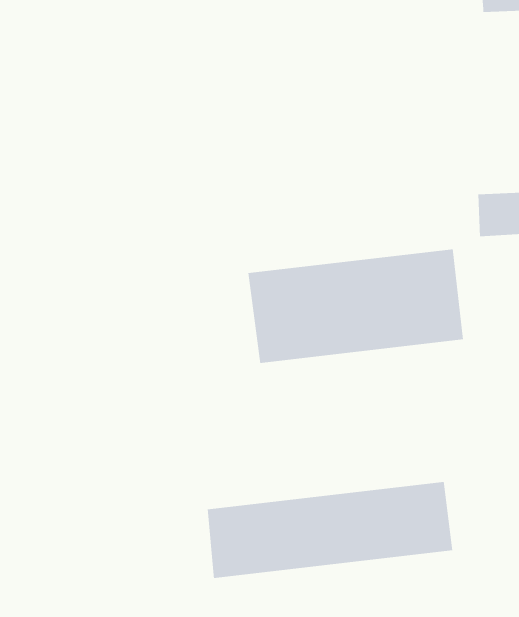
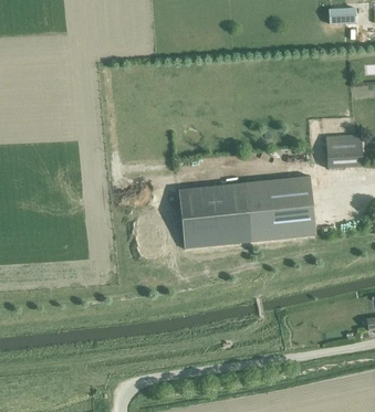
building: [207,481,453,579] -> none

